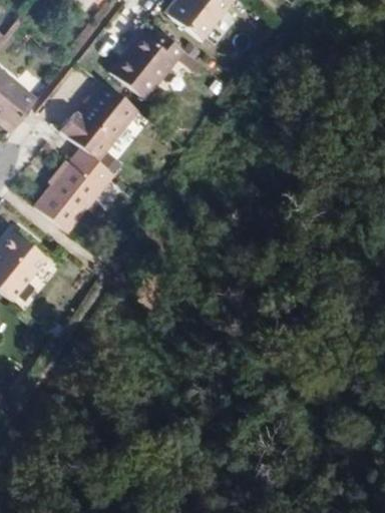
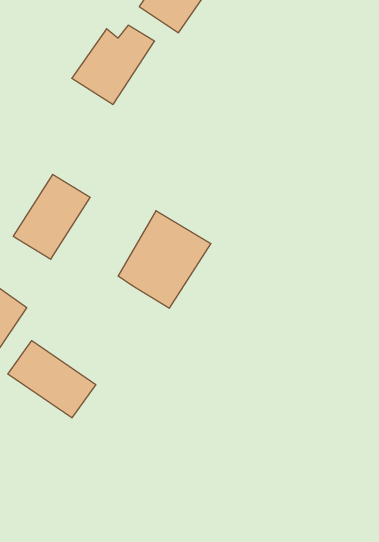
building: [69,92,151,176] -> [118,211,211,308]
building: none -> [8,341,96,418]

